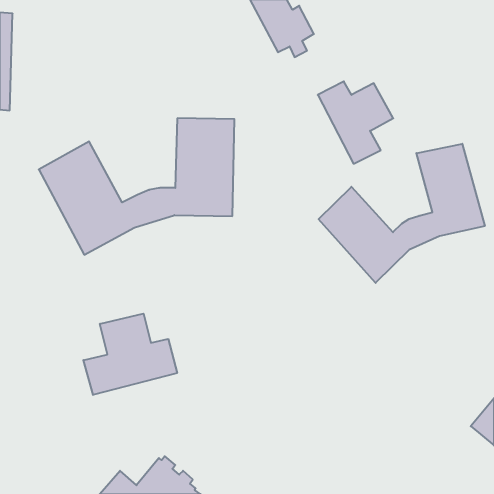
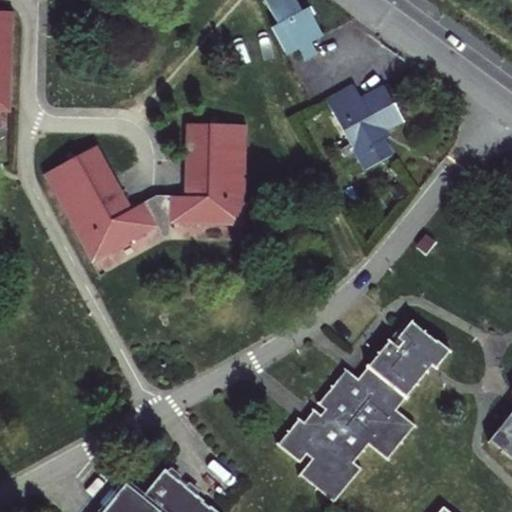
building: [319,144,485,283] -> none
building: none -> [276,319,452,505]
building: [83,314,177,395] -> none

